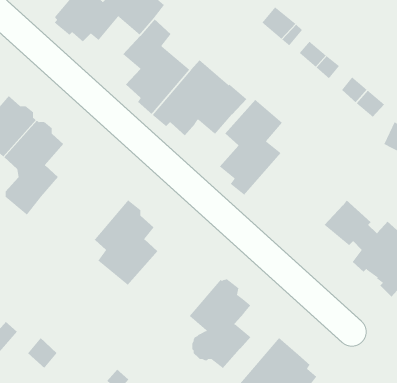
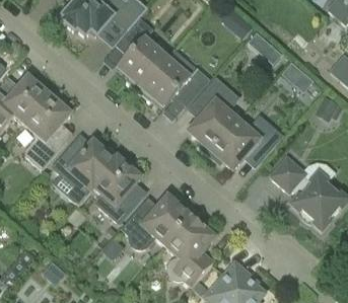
building: none -> [208,117,281,168]
building: none -> [53,142,119,204]
building: none -> [123,198,190,248]

